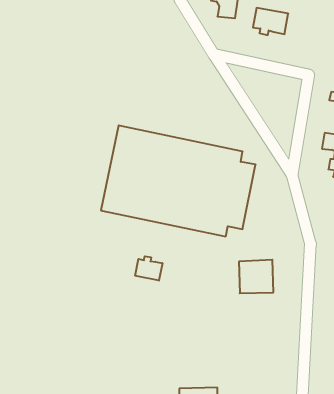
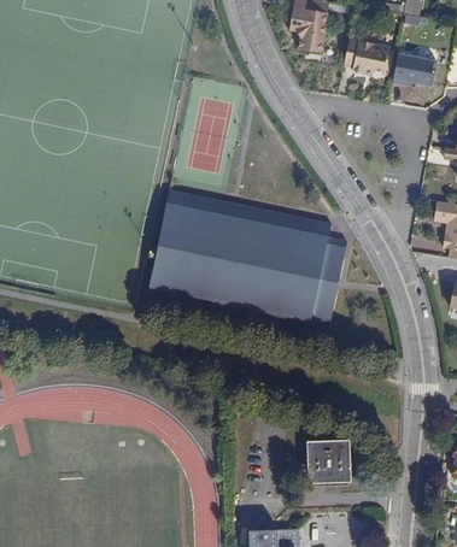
building: none -> [392,59,434,86]
building: [135,256,162,281] -> none
building: [239,260,273,293] -> [306,439,351,482]

